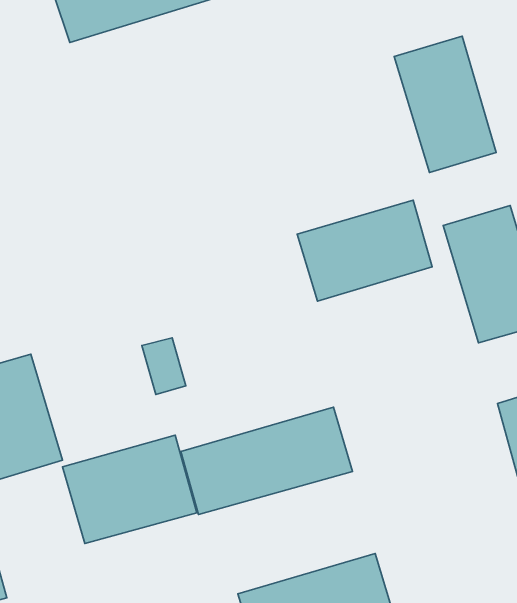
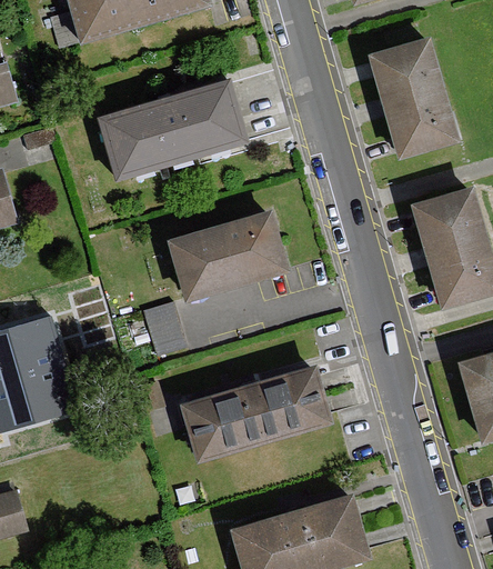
building: none -> [97,79,248,180]
building: [297,200,432,301] -> [168,210,286,299]
building: [62,435,197,544] -> none

